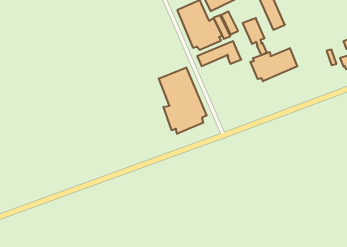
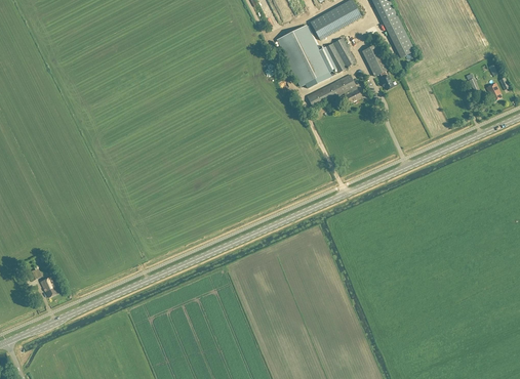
building: [250,48,297,81] -> none
building: [159,68,207,134] -> none

